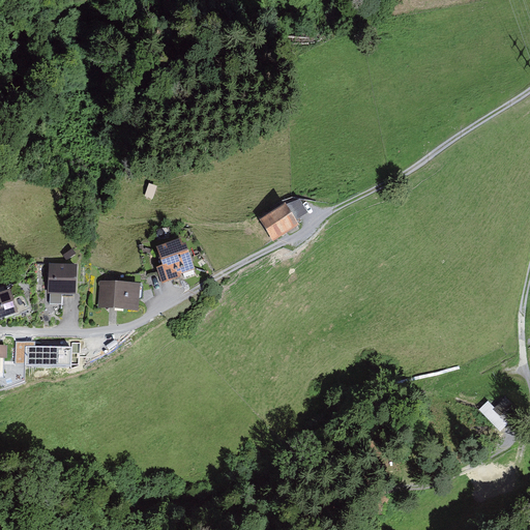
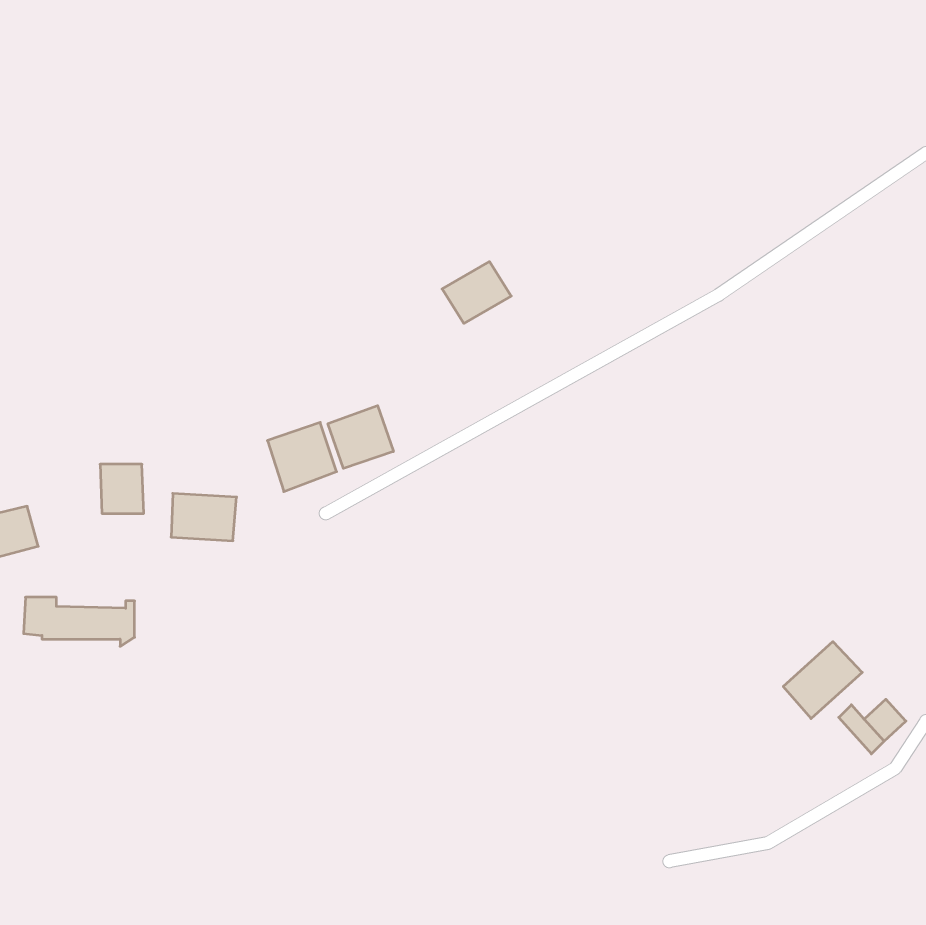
building: [257,203,296,238] -> [442,262,511,323]
building: none -> [328,406,393,468]
building: none -> [783,642,862,719]

